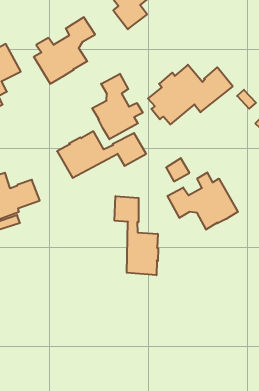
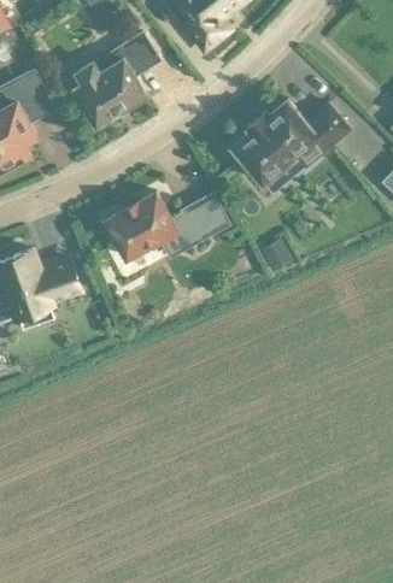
building: [92,74,143,139] -> none
building: [167,172,238,230] -> none
building: [115,196,158,275] -> none

